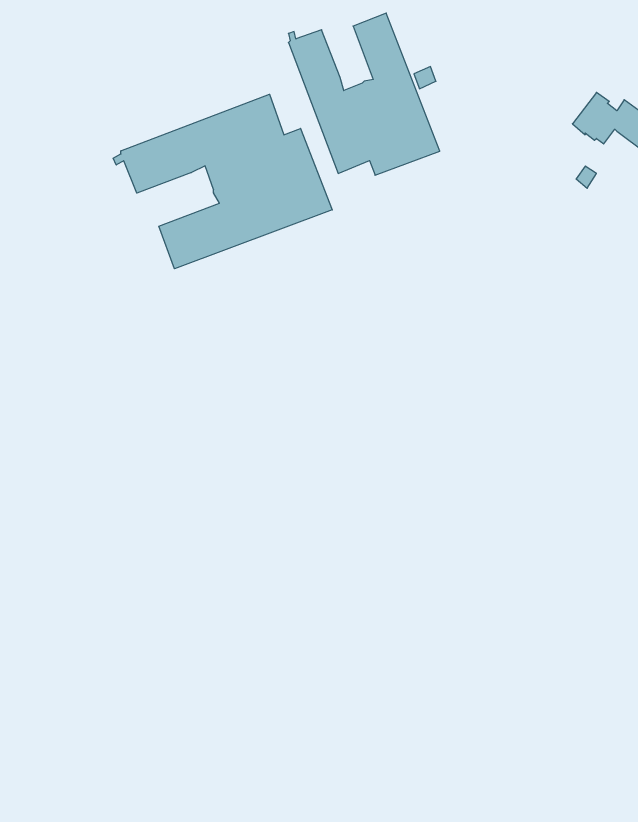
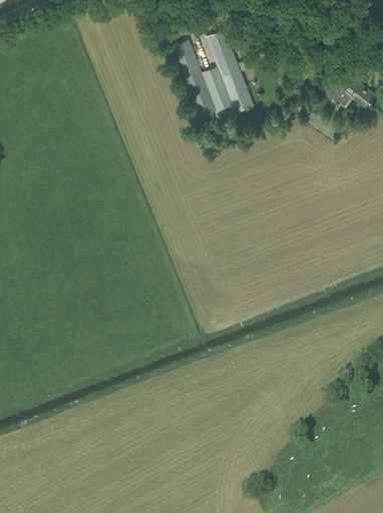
building: [113,94,332,269] -> none

